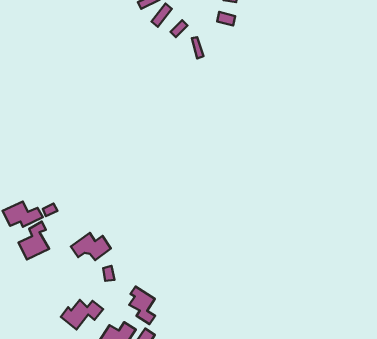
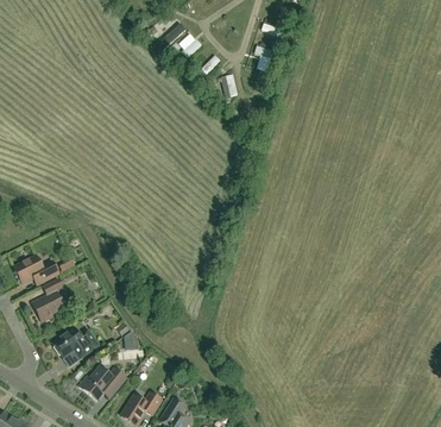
building: [71,233,111,260] -> [52,327,97,358]
building: [129,286,155,324] -> none

